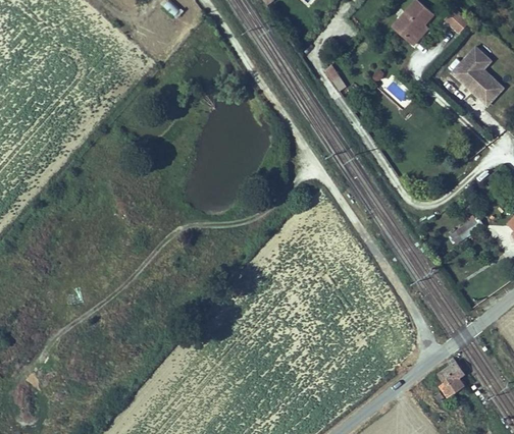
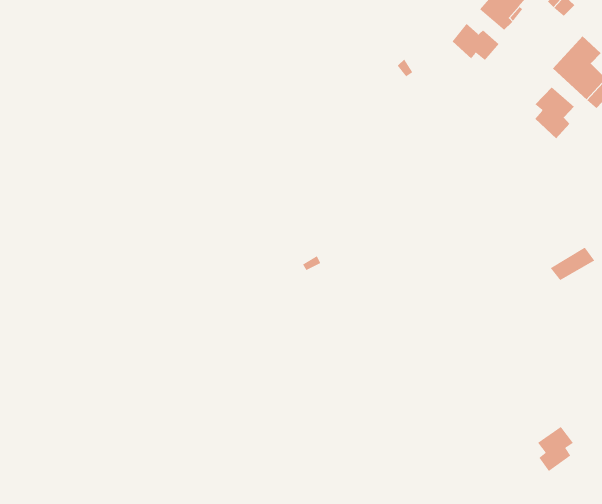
building: none -> [452,23,499,61]
building: none -> [534,86,575,139]

